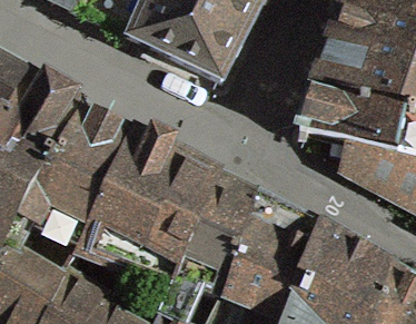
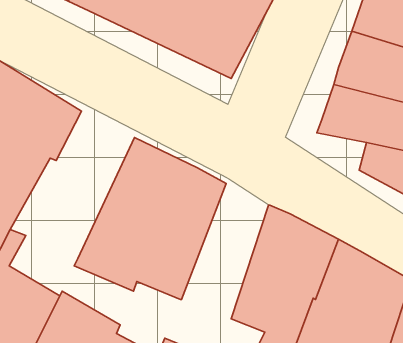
building: [18,109,132,245] -> none
building: [176,176,256,301] -> none

